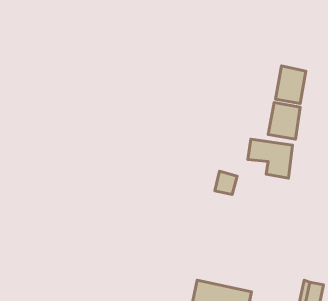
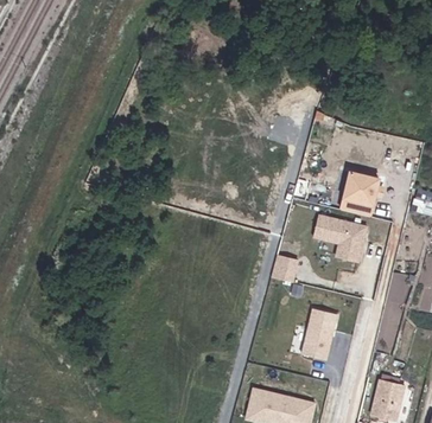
building: [275,66,306,104] -> none
building: none -> [299,306,339,359]

